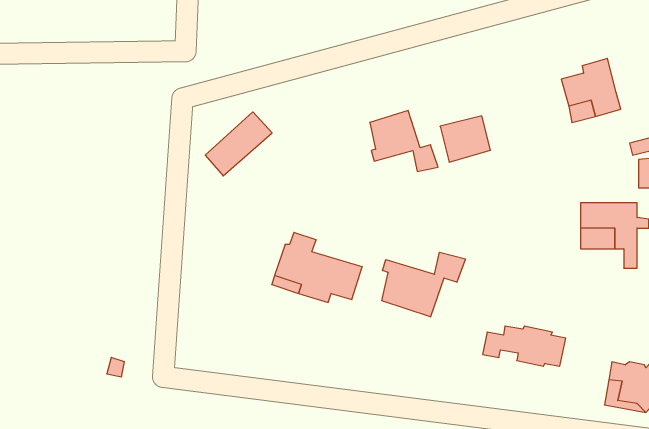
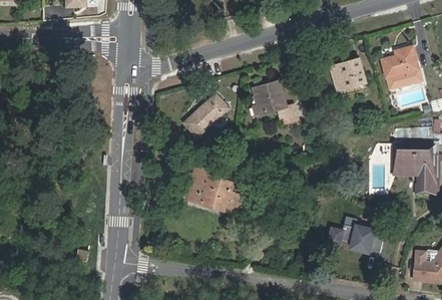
building: [205,112,272,176] -> [182,94,228,137]
building: [440,116,491,162] -> [330,59,364,90]
building: [382,252,465,317] -> none

